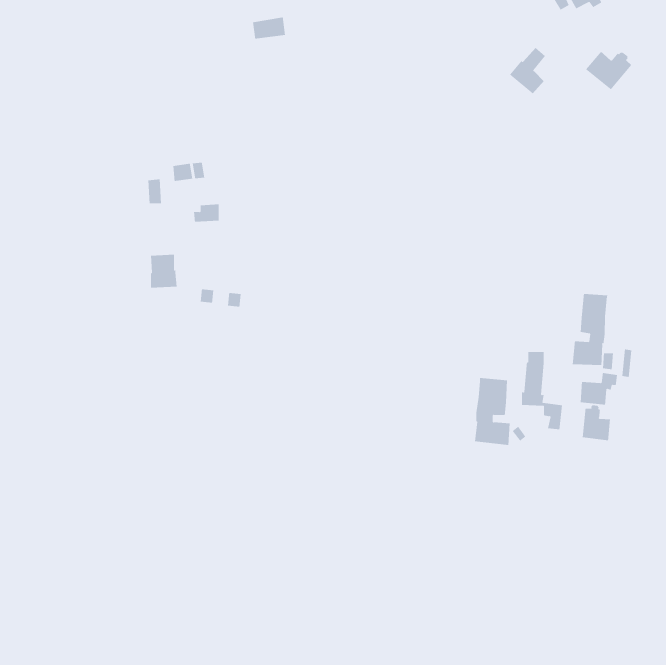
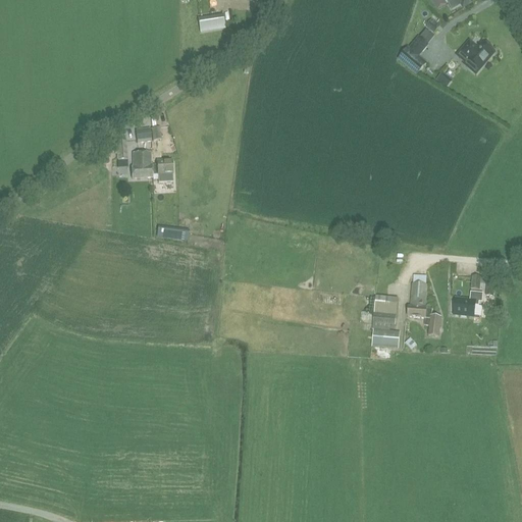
building: [150,254,177,288] -> [130,151,152,177]
building: [572,293,608,366] -> none
building: [582,404,610,441] -> none

